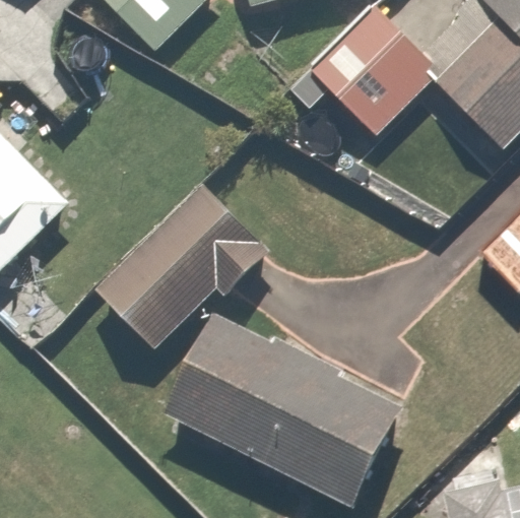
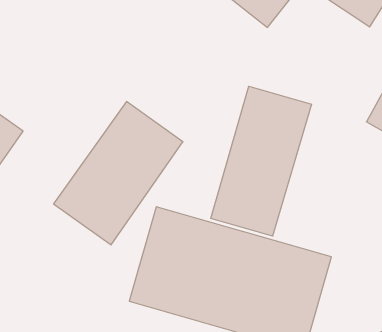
building: none -> [211,86,312,236]

